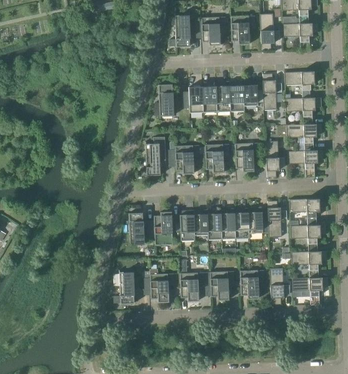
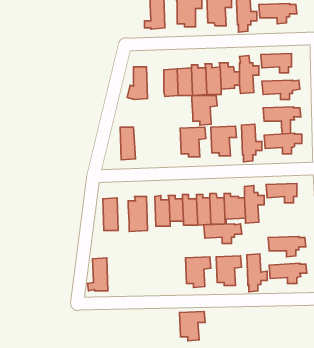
building: [175,145,200,174] -> [192,95,217,125]
building: [290,224,327,243] -> [204,224,242,243]
building: [150,268,175,302] -> none
building: [180,272,205,301] -> [180,311,205,341]

